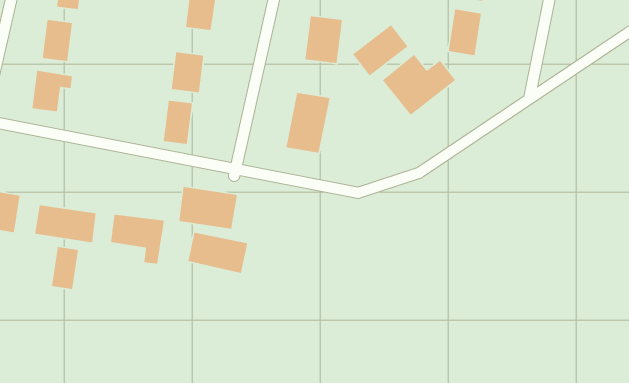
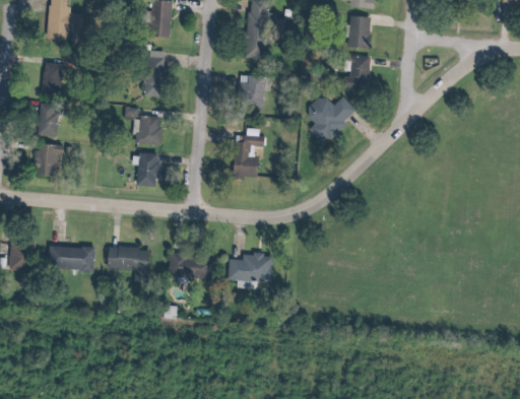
building: [352,24,409,77] -> none
building: [178,186,238,230] -> [231,254,273,282]
building: [51,246,79,290] -> none

